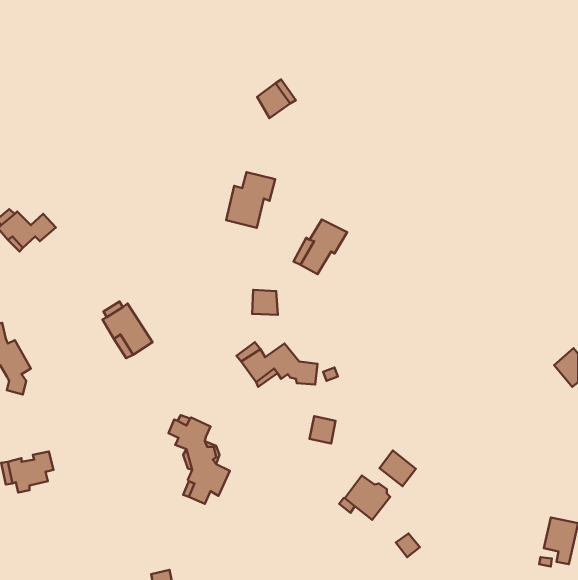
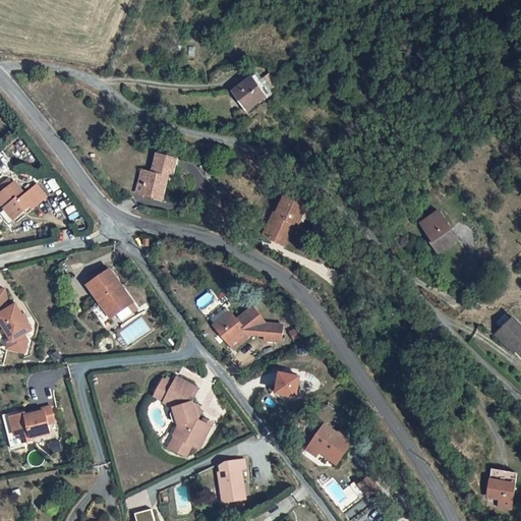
building: [226,172,275,228] -> [131,153,175,202]
building: none -> [421,207,458,248]
building: [252,290,278,315] -> none
building: [379,451,416,486] -> none
building: none -> [217,455,251,503]

